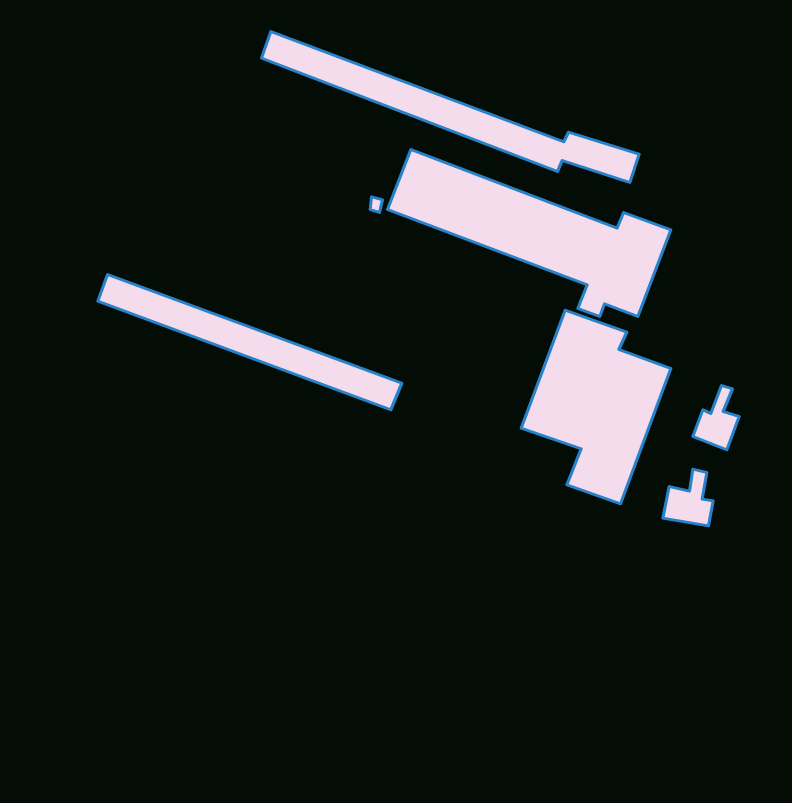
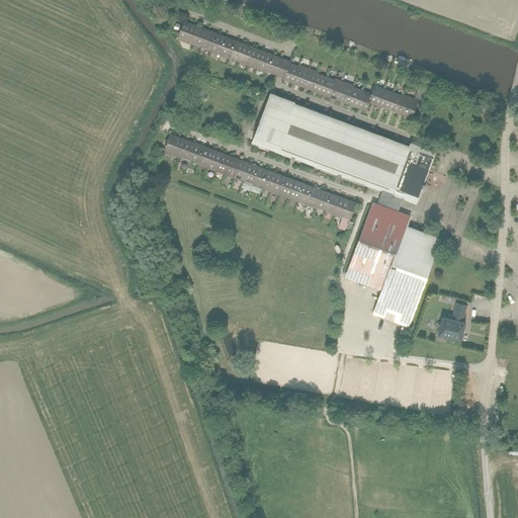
building: [98,274,402,410] -> [161,133,356,220]
building: [693,385,739,450] -> none

